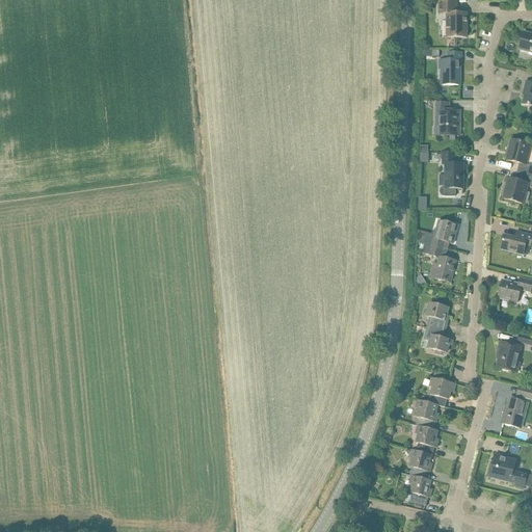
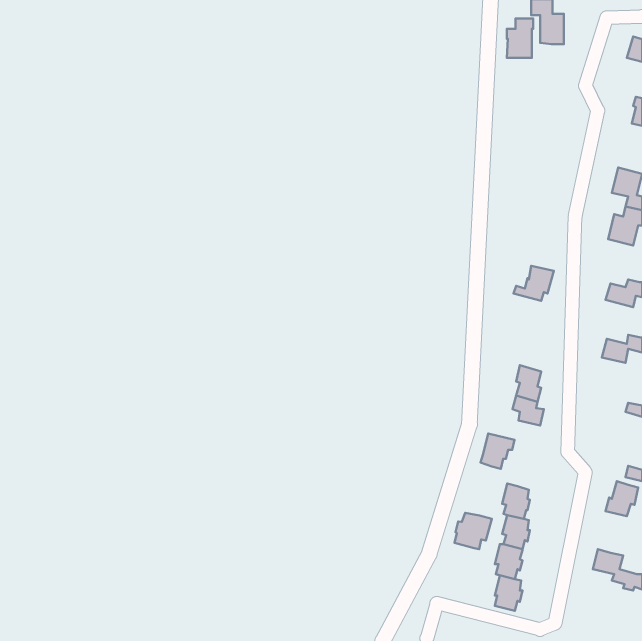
building: [438,51,460,83] -> [507,19,533,58]
building: [434,101,459,134] -> none
building: [438,151,462,194] -> none
building: [422,242,455,281] -> none
building: [496,341,521,371] -> none
building: [427,377,455,406] -> [481,434,515,469]
building: none -> [455,513,492,549]

